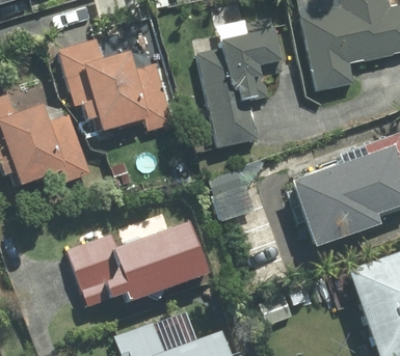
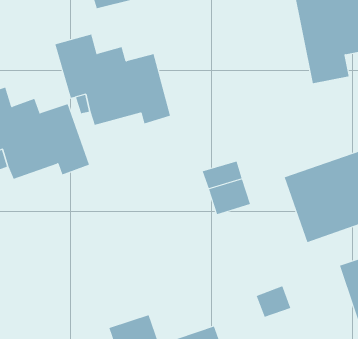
building: [196,17,283,148] -> none
building: [68,223,206,306] -> none

